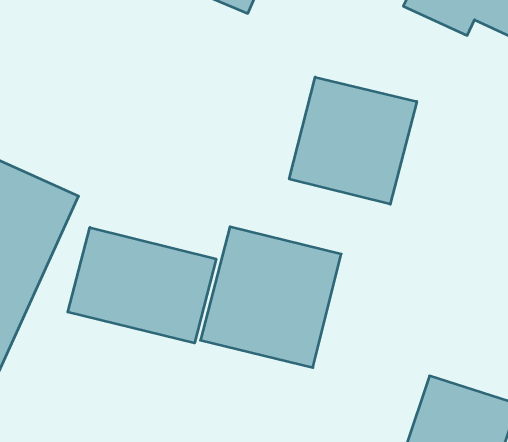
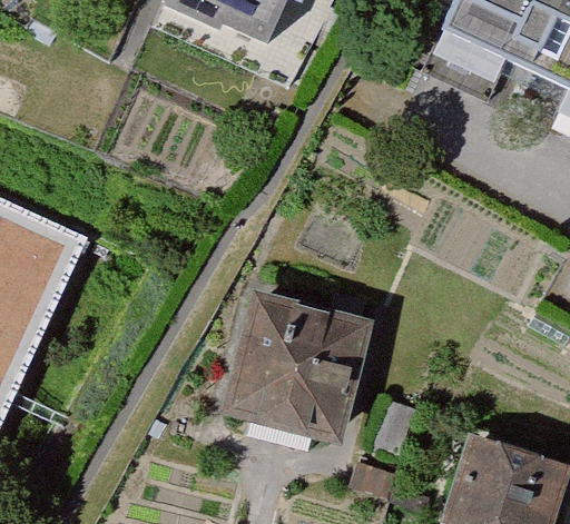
building: [289,77,417,204] -> none
building: [68,227,216,343] -> none

